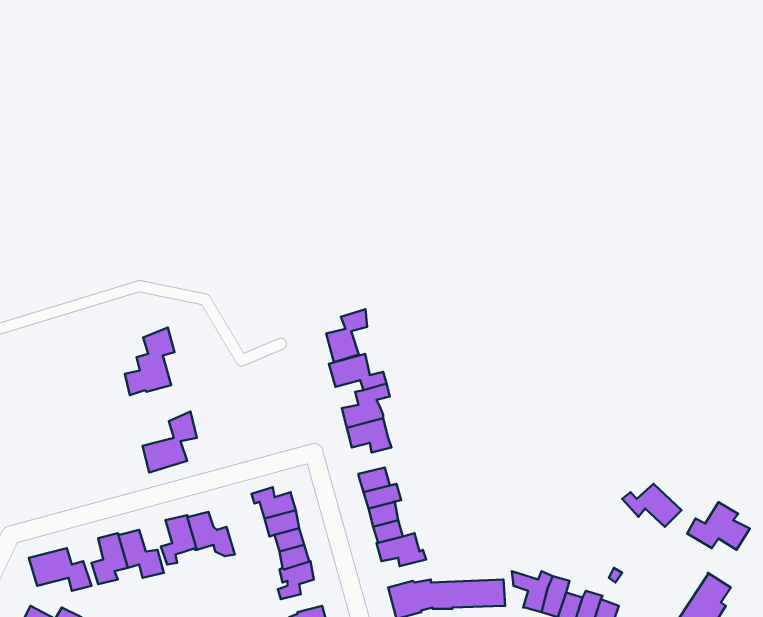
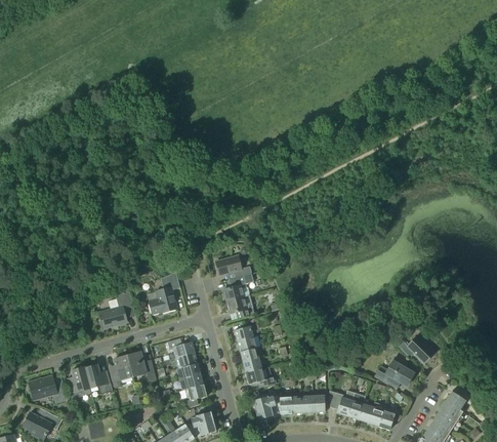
building: [326,309,367,362] -> none
building: [125,328,174,395] -> [149,272,179,314]
building: [687,502,750,550] -> [375,356,414,386]

